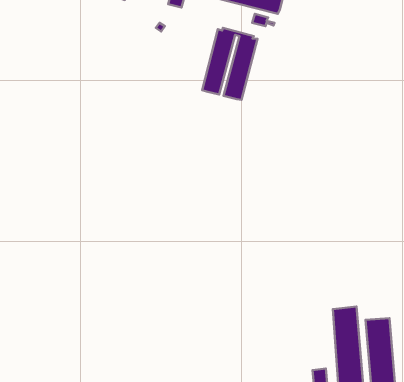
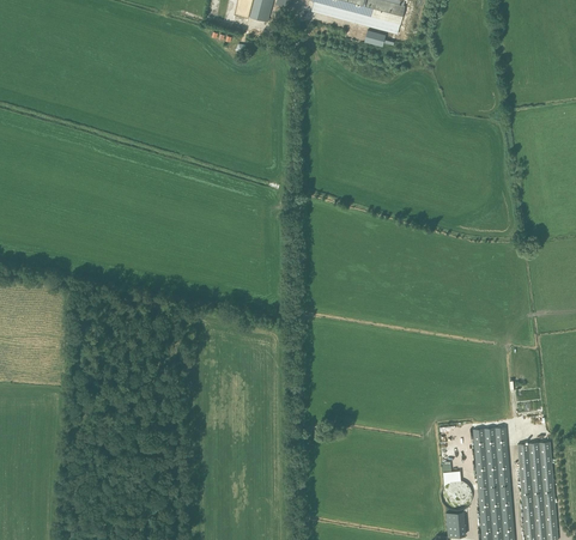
building: [202,28,257,100] -> none

